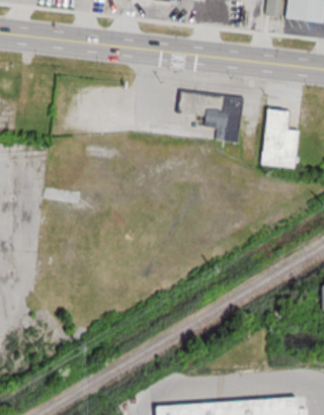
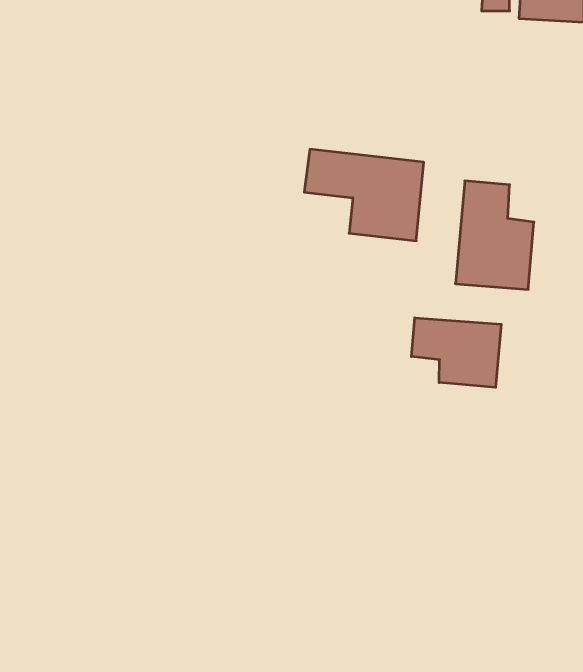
building: none -> [411,318,501,387]

